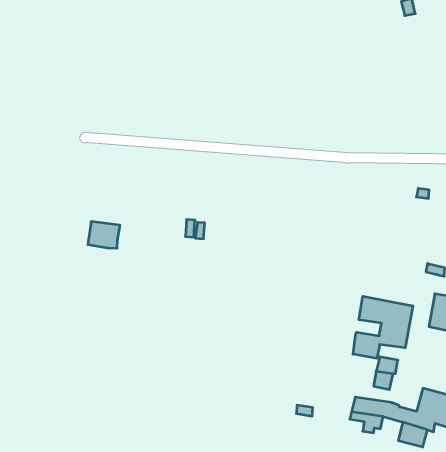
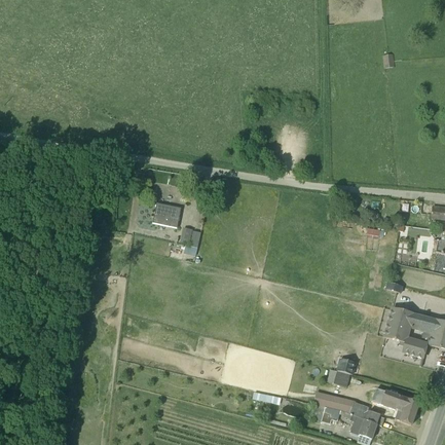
building: [88,222,120,248] -> [153,201,182,226]
building: [353,296,413,358] -> none

